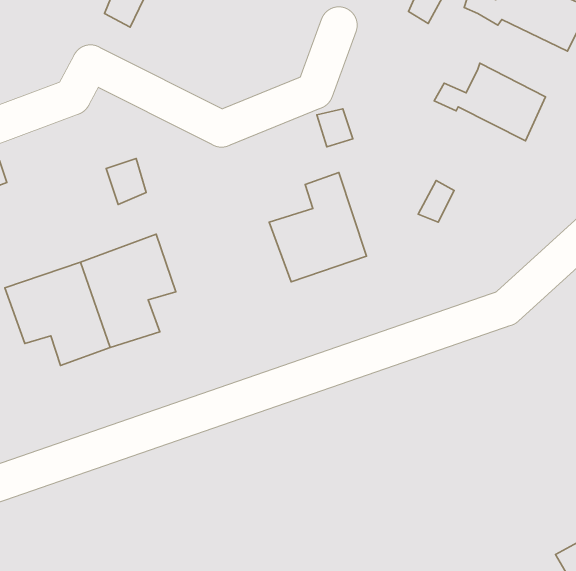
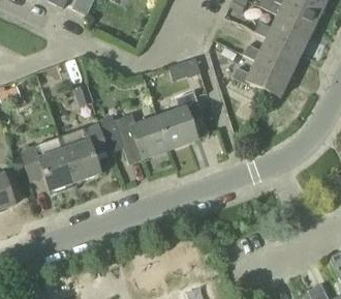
building: none -> [239,11,312,52]
building: none -> [231,57,290,98]
building: none -> [100,113,168,162]

